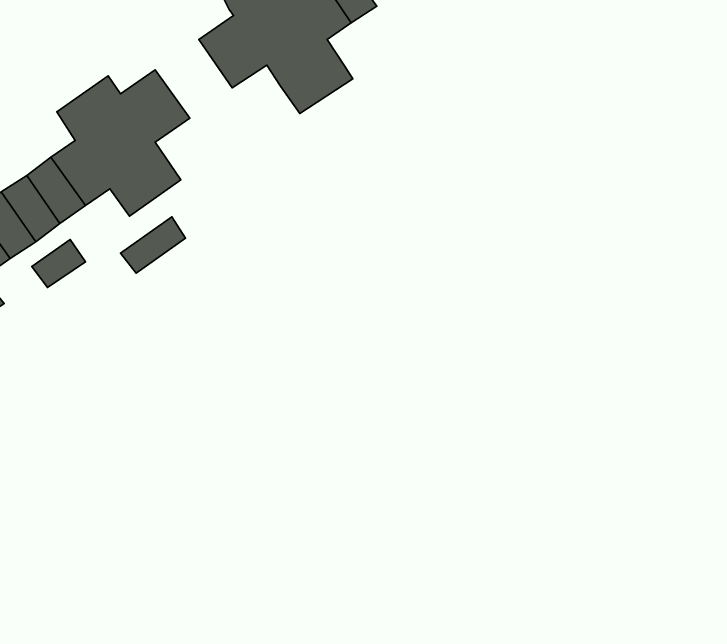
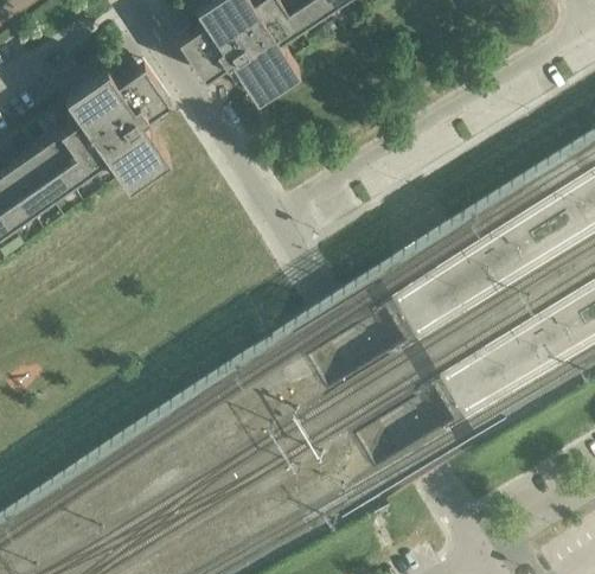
building: [121,217,185,273] -> none
building: [32,240,86,287] -> none

